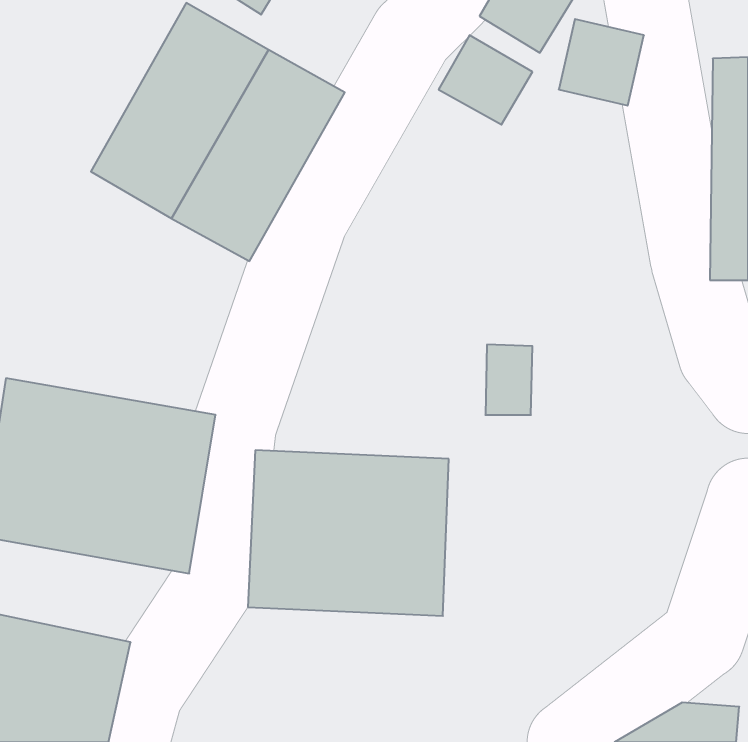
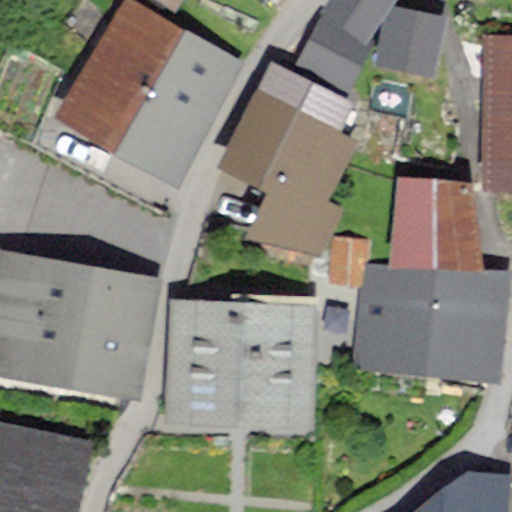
building: none -> [220,65,357,259]
building: none -> [394,184,473,268]
building: none -> [362,265,499,370]

